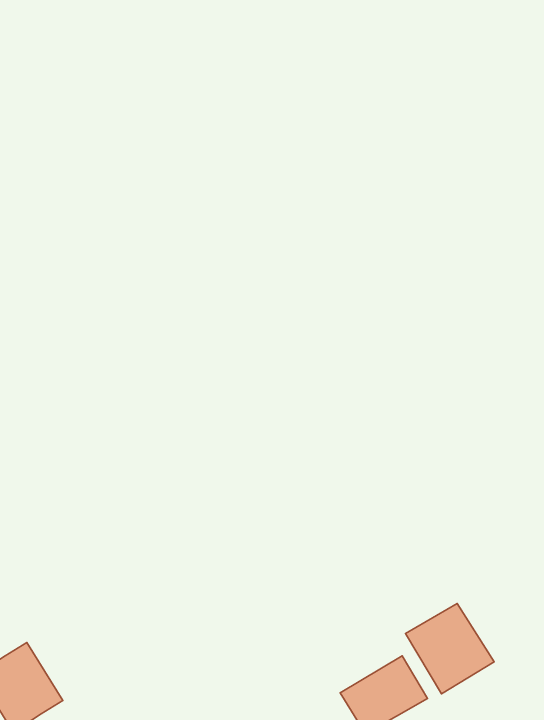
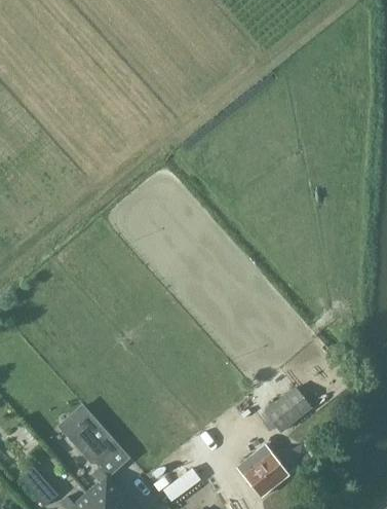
building: [406,604,494,694] -> none

